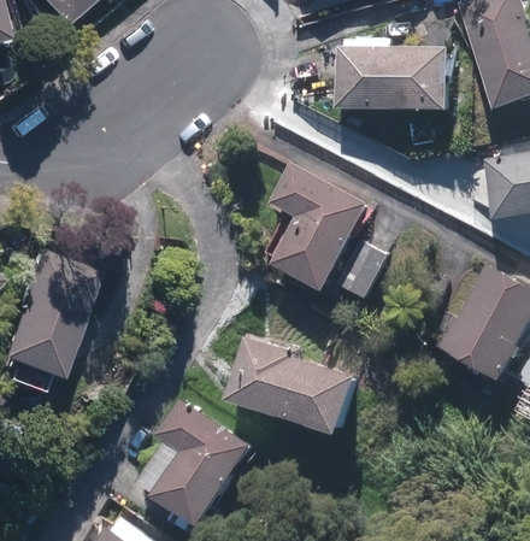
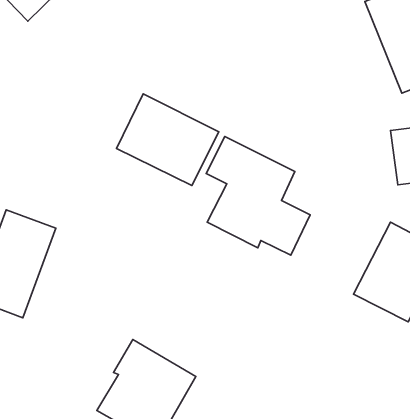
building: [334,45,457,112] -> none
building: none -> [117,94,219,186]
building: [225,340,359,430] -> none

